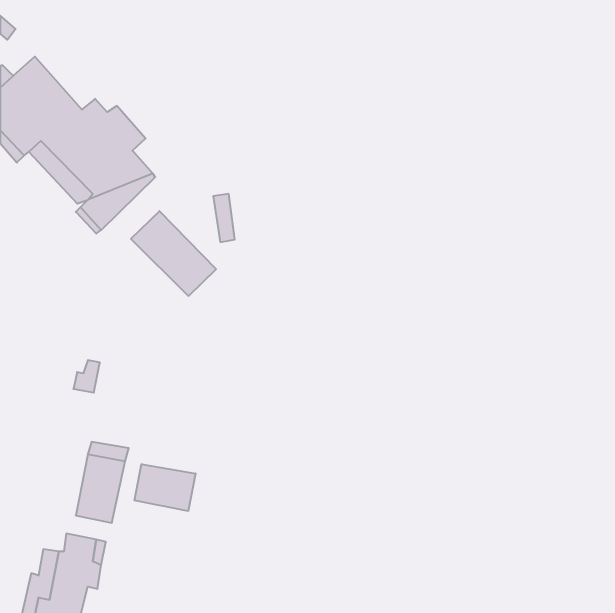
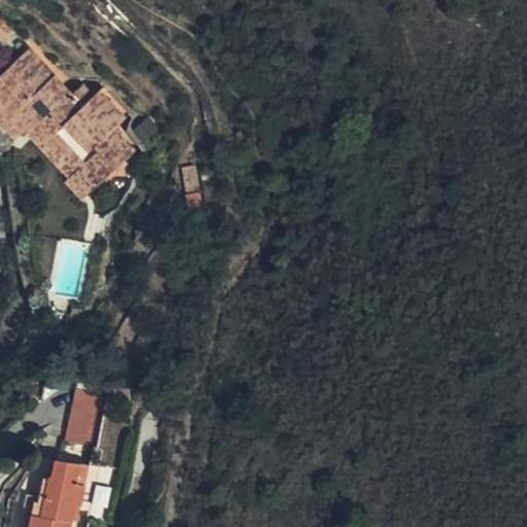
building: [131,211,216,296] -> none
building: [134,464,196,511] -> none

